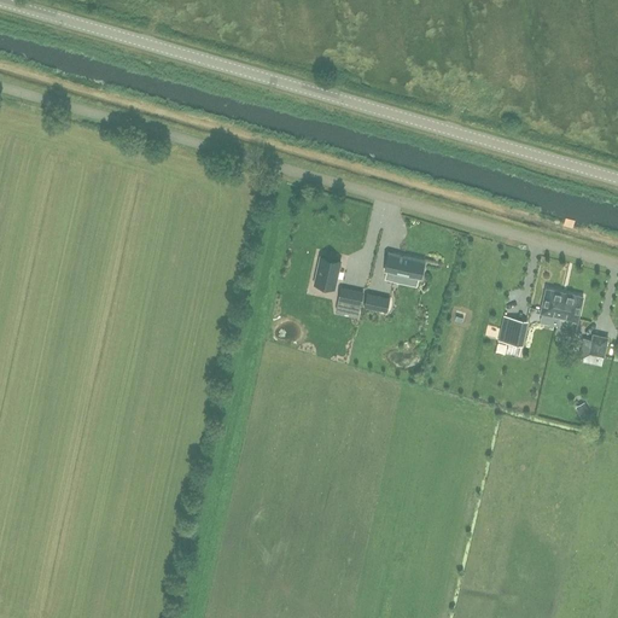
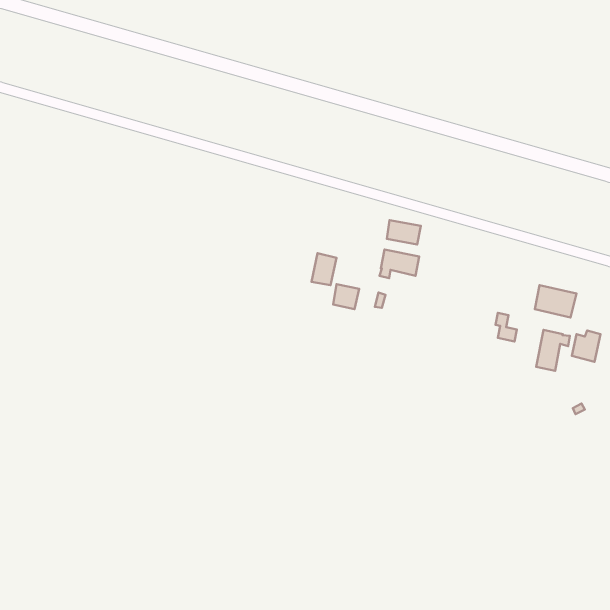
building: none -> [387,220,421,244]
building: none -> [536,330,570,371]

